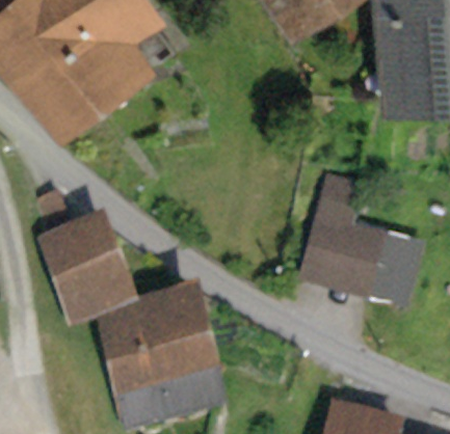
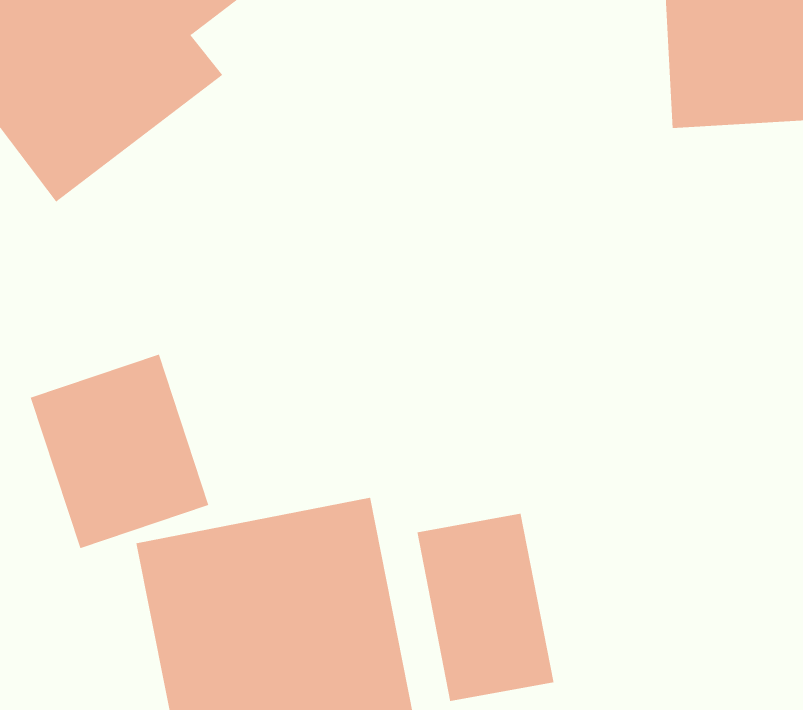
building: [297,181,420,293] -> none
building: none -> [417,513,554,702]

